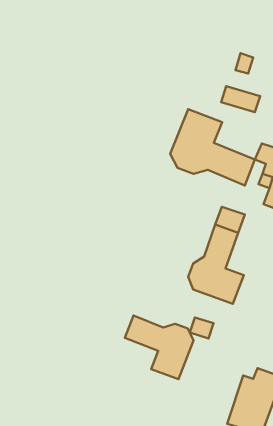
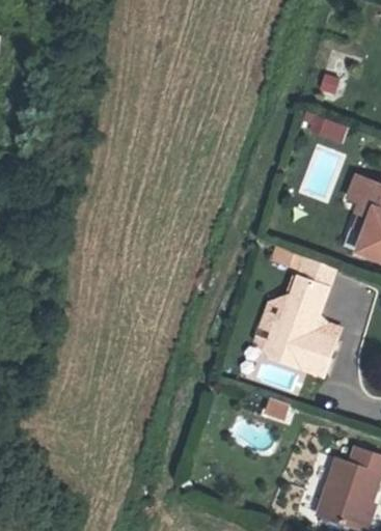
building: [170,109,255,185] -> none
building: [125,315,194,379] -> none

